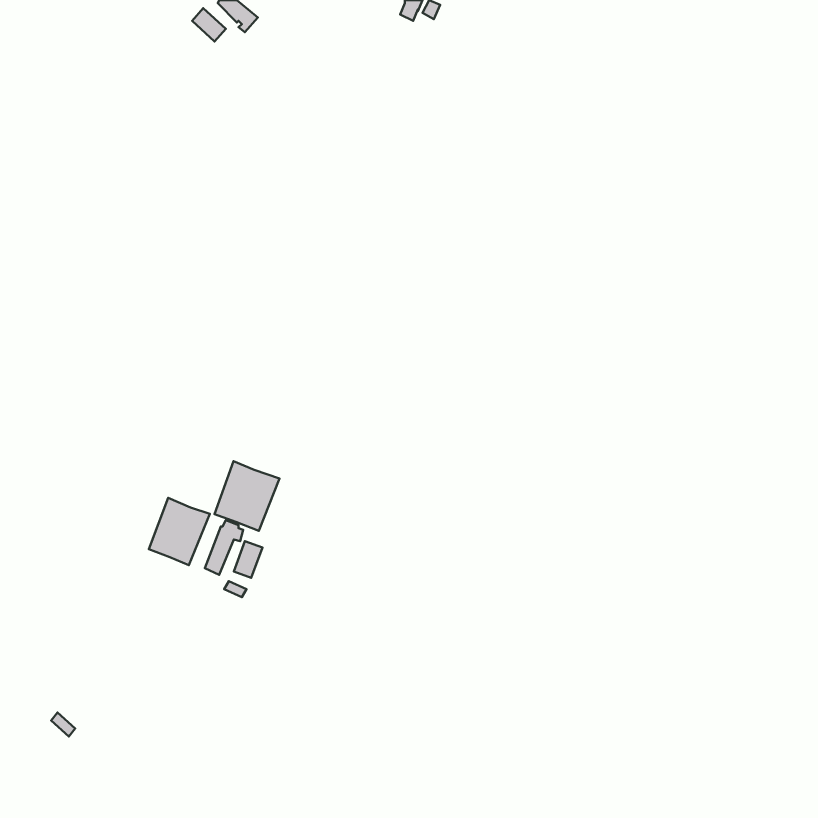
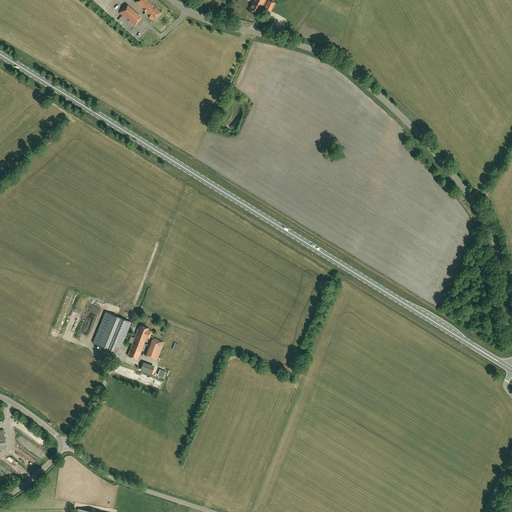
building: [214,461,279,531] -> none

